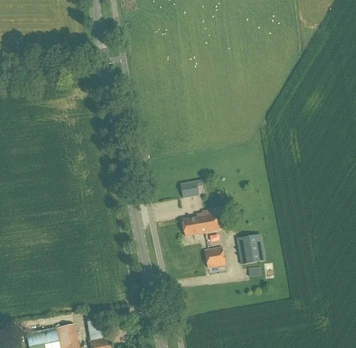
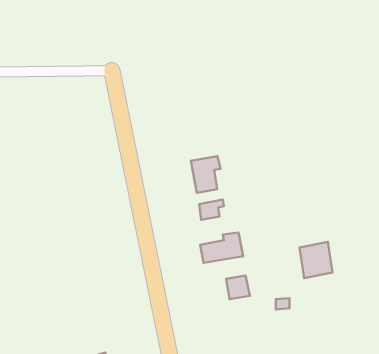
building: none -> [191,156,220,193]
building: [235,234,264,266] -> [300,242,332,278]

